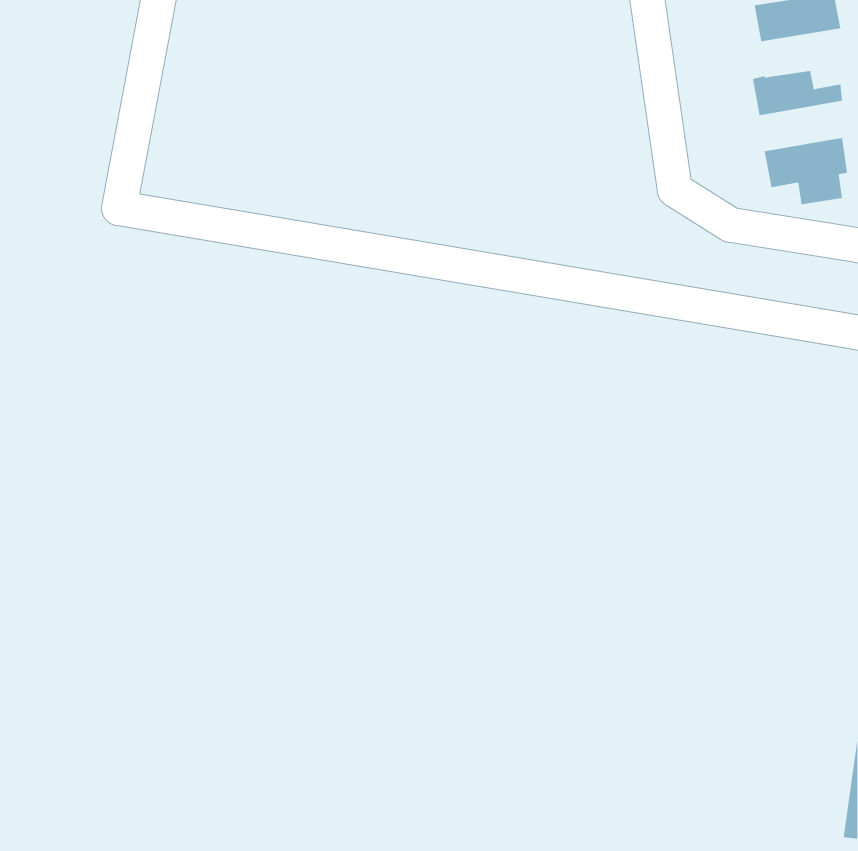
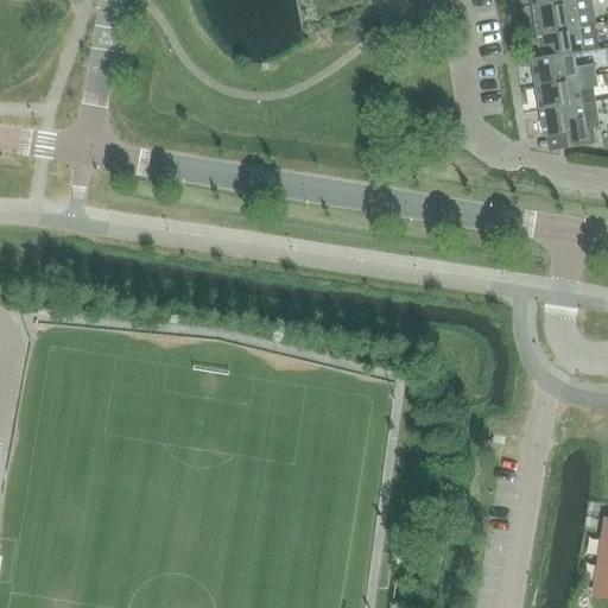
building: none -> [538,20,600,55]
building: none -> [537,71,598,107]

